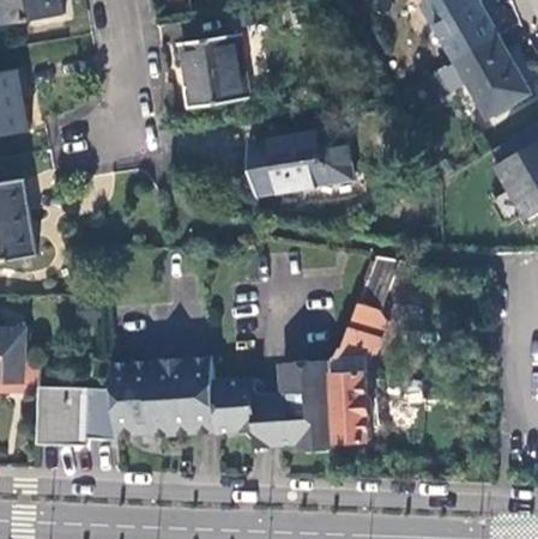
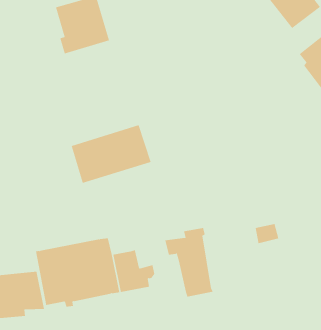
building: [247,126,350,193] -> [71,125,151,183]
building: [333,254,397,442] -> none
building: [254,400,300,446] -> none

